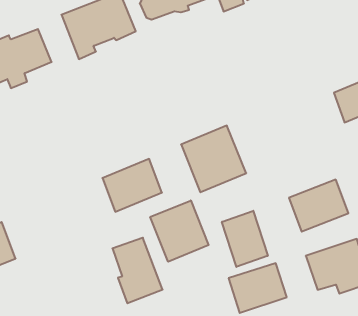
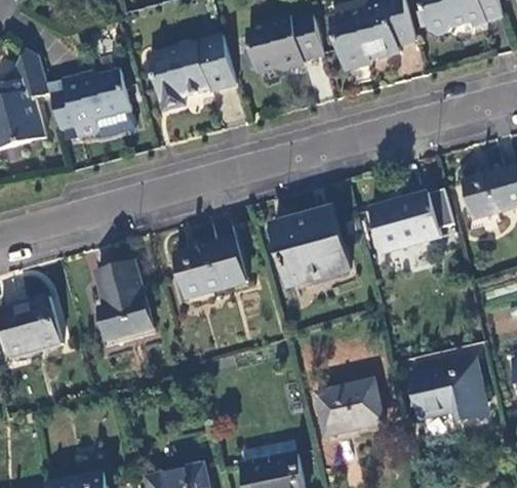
building: [289,180,348,232] -> [372,194,442,252]
building: [150,200,209,262] -> none
building: [222,211,268,267] -> none
building: [112,238,163,303] -> [97,263,153,340]

